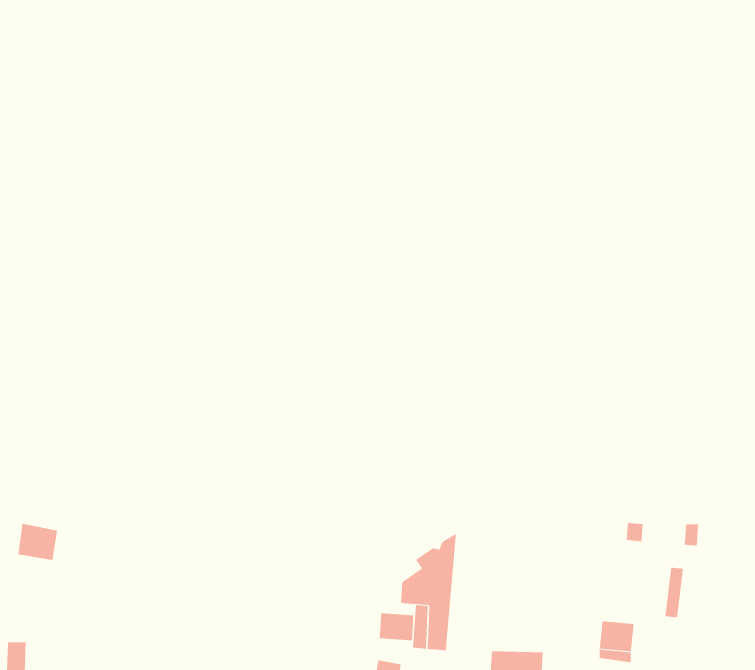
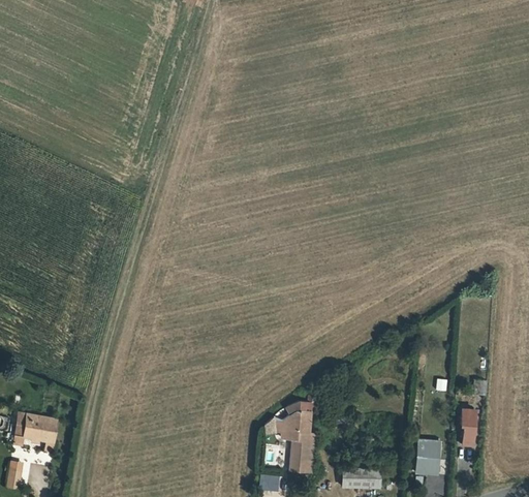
building: [17,523,58,561] -> [21,413,49,439]
building: [379,612,414,641] -> none

